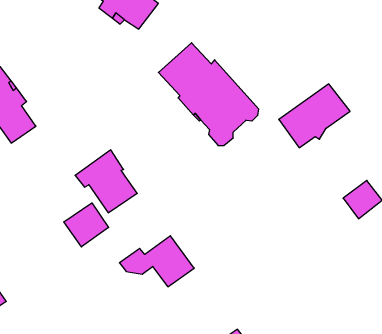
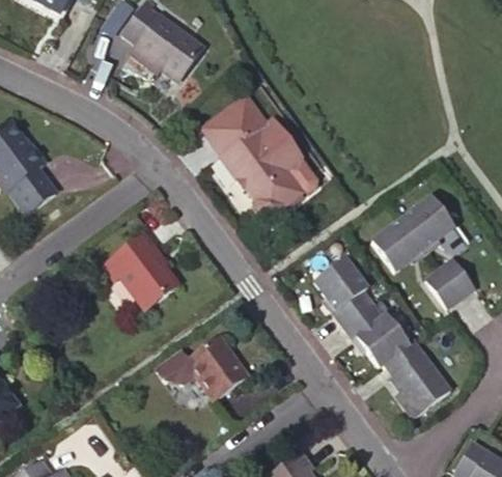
building: [279,84,350,148] -> [372,199,459,277]
building: none -> [316,261,457,426]
building: [64,203,109,247] -> none

